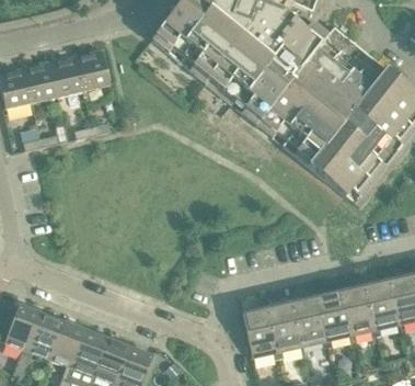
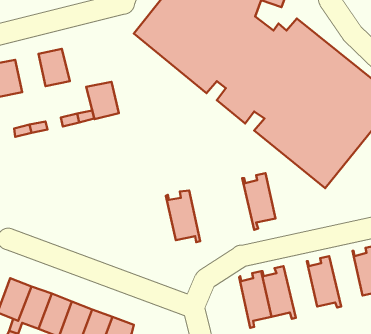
building: [74,49,109,90] -> [86,82,119,119]
building: [24,60,57,102] -> none
building: [364,274,400,334] -> none
building: [314,285,350,347] -> [242,173,276,230]
building: [241,303,278,359] -> [166,191,200,242]

